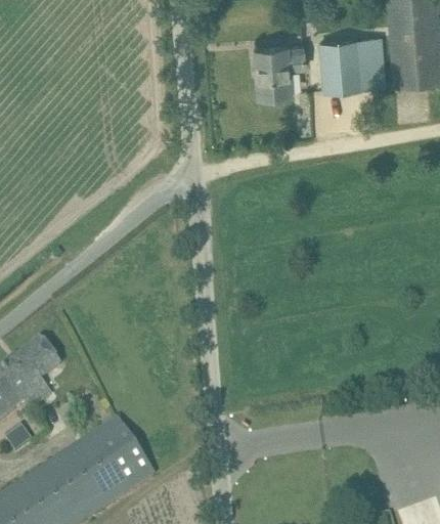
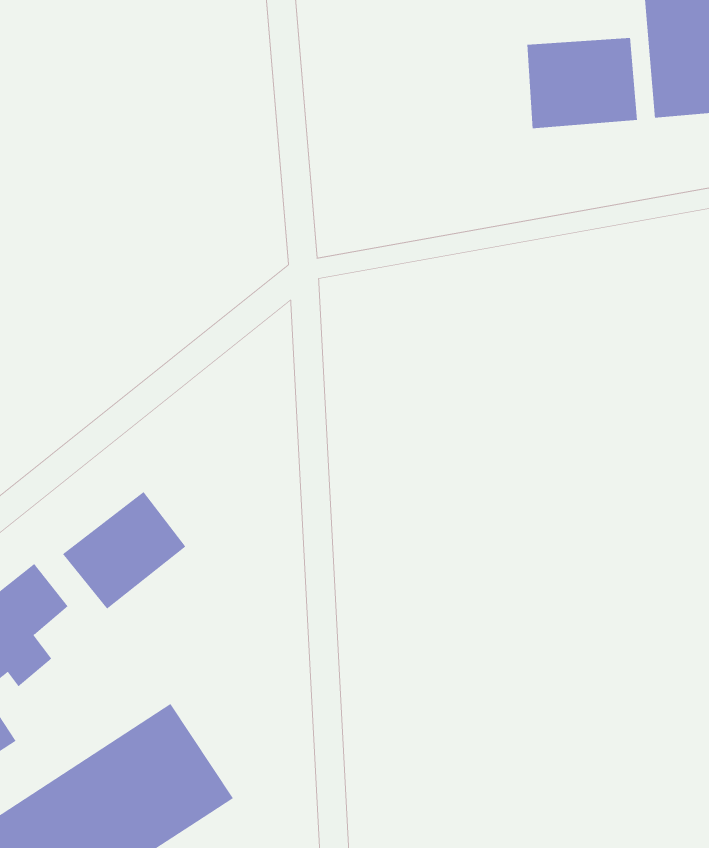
building: [255,44,305,95] -> none
building: none -> [62,491,186,609]

